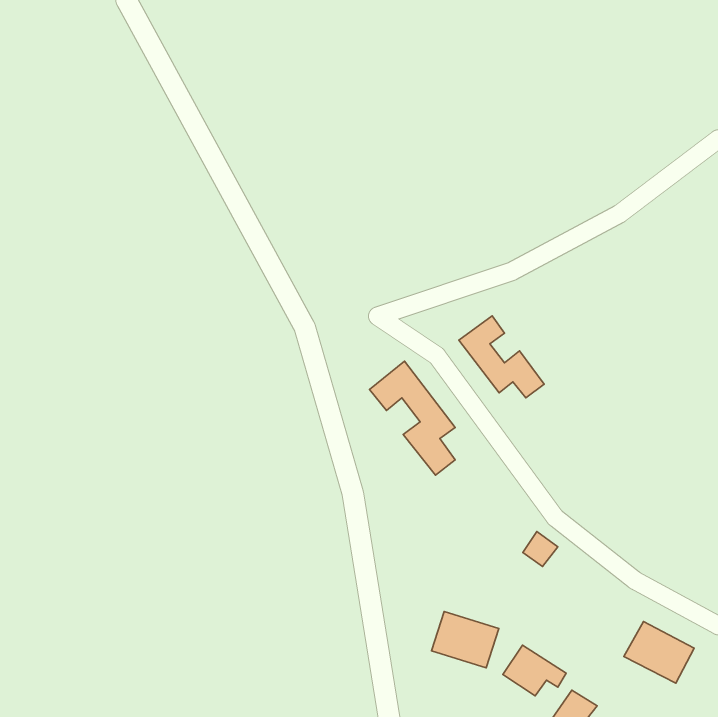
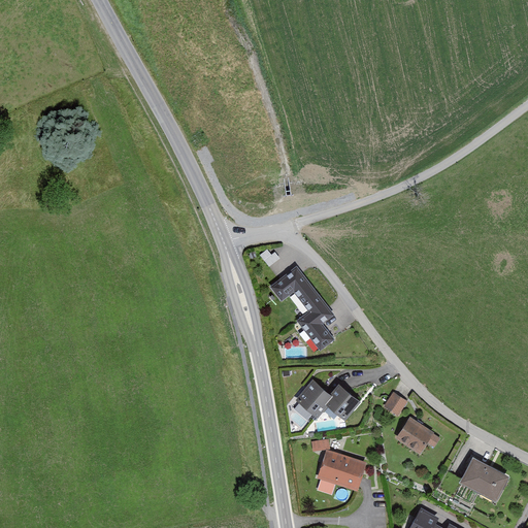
building: [459,316,544,398] -> none
building: none -> [297,382,360,420]
building: [503,645,566,696] -> [395,417,441,454]

